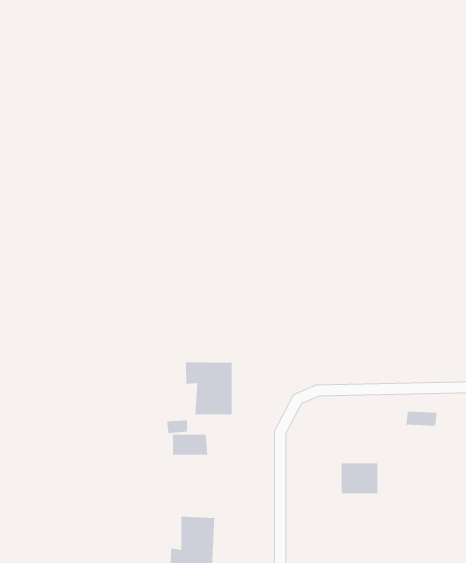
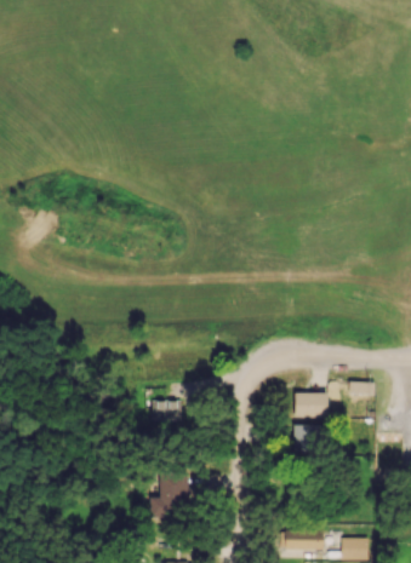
building: [185,361,233,415] -> none
building: none -> [295,393,329,418]

